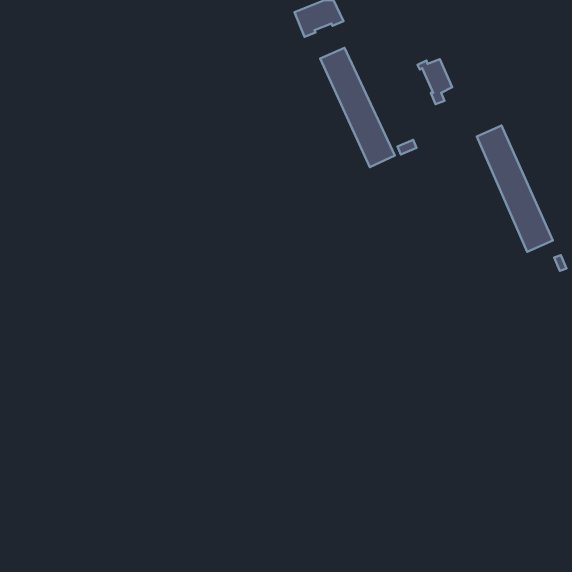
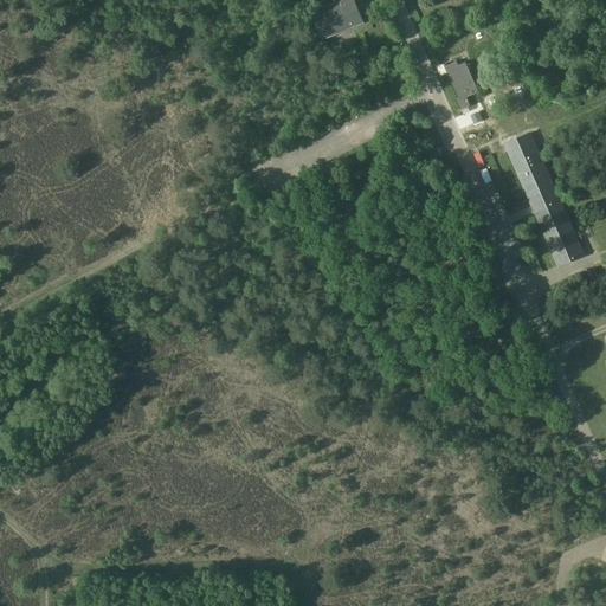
building: [320,48,395,167] -> none

